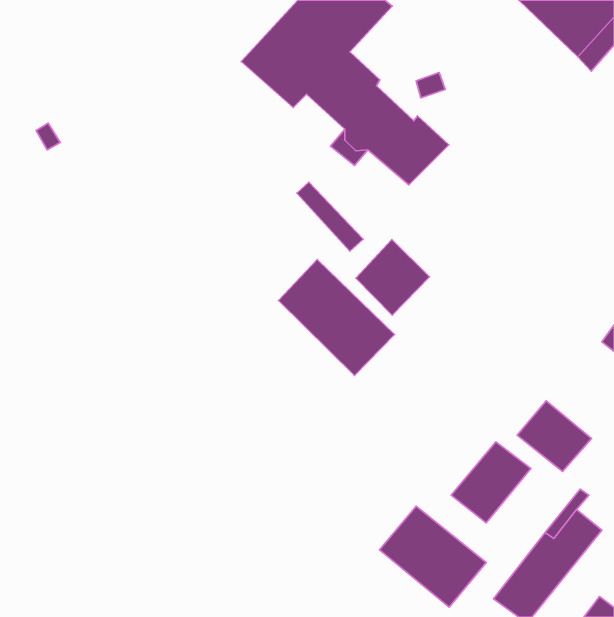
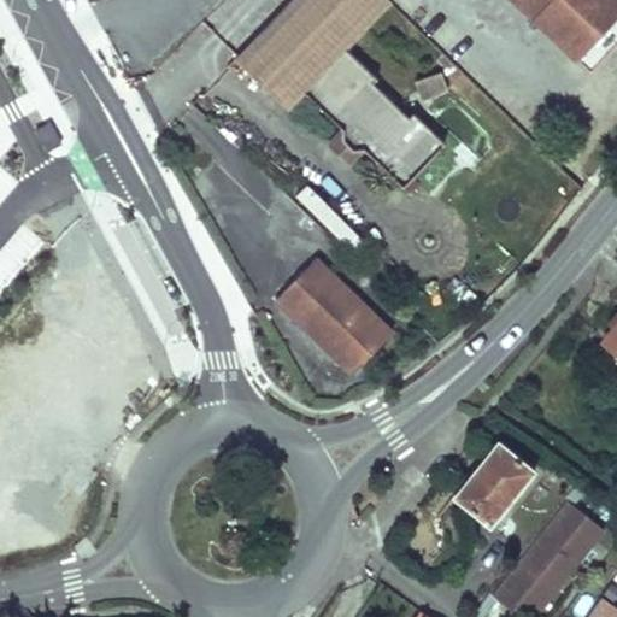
building: [356,240,429,315] -> none
building: [517,401,592,471] -> none
building: [380,506,486,607] -> none

